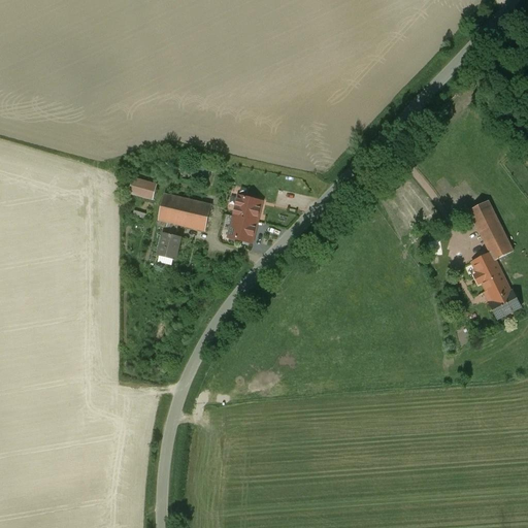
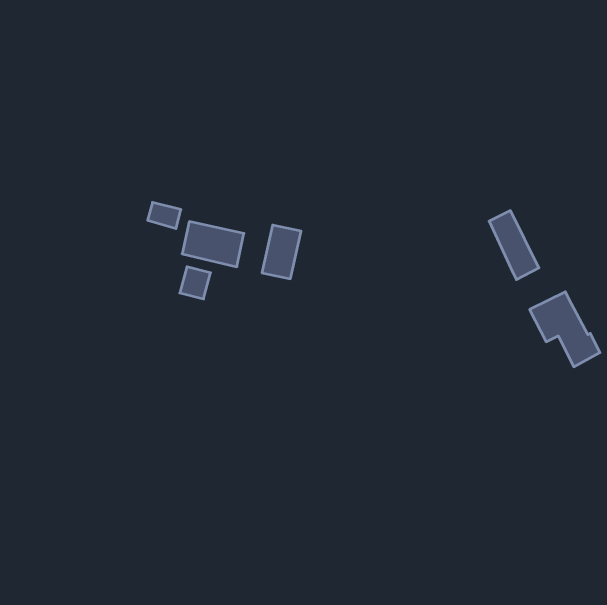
building: [469,199,513,259] -> [489,211,539,280]

